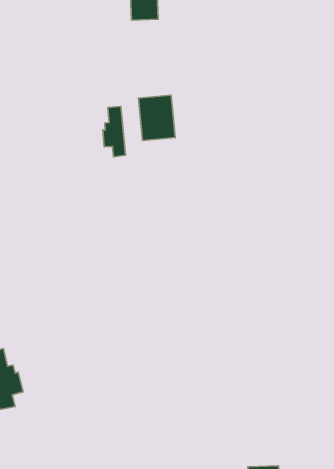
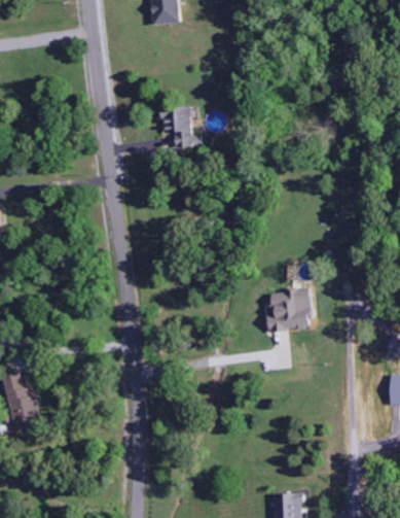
building: [103,106,125,157] -> none
building: none -> [264,287,316,332]

